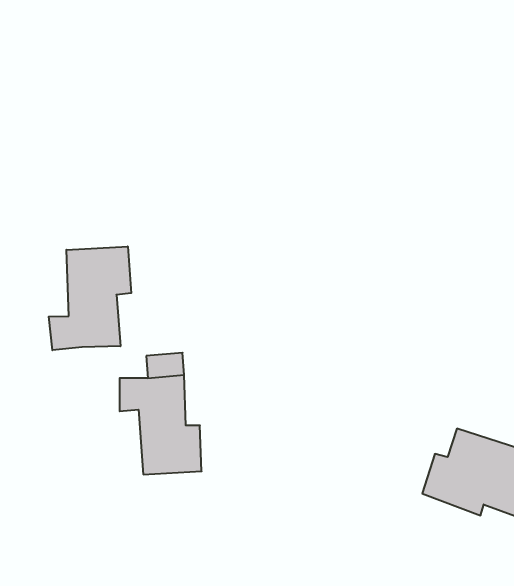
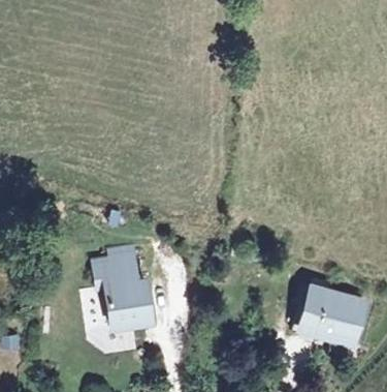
building: [49,246,131,350] -> none

